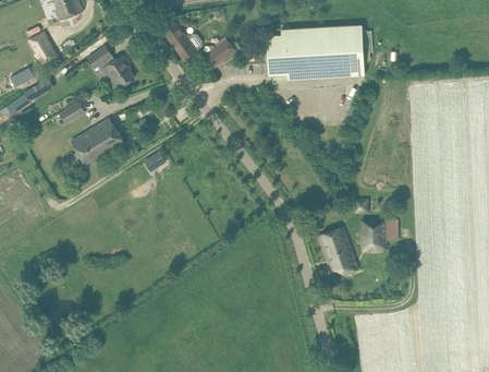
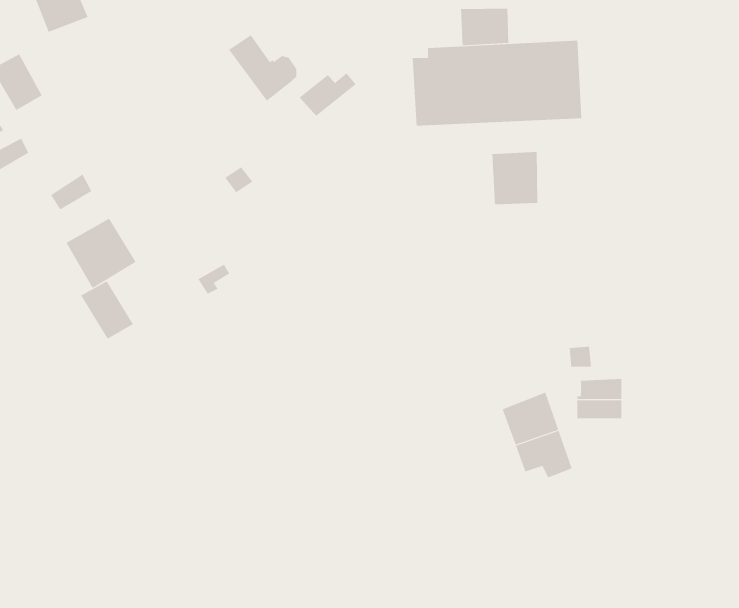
building: none -> [460,8,509,46]
building: [88,46,134,88] -> none
building: none -> [492,151,538,205]
building: [95,118,125,152] -> [80,280,134,340]

